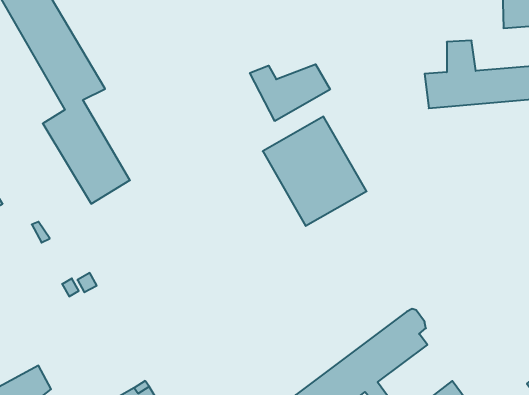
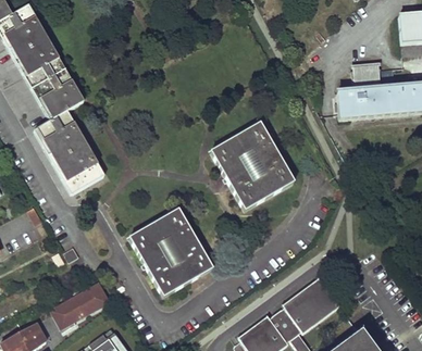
building: [250,64,330,121] -> none
building: none -> [131,209,212,296]
building: none -> [51,283,108,327]

